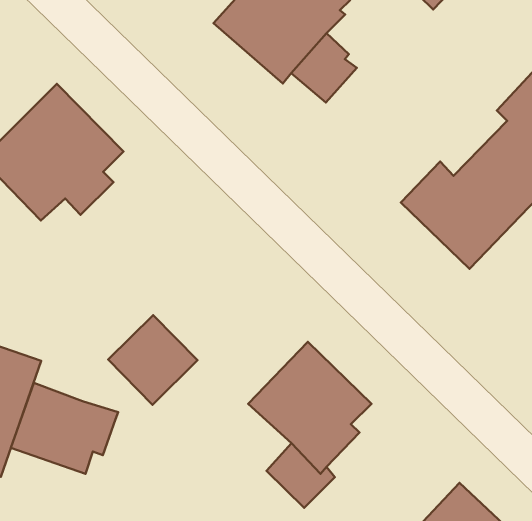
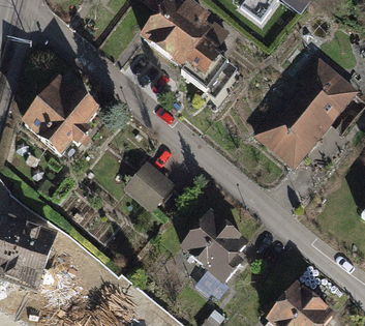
building: [108,315,198,405] -> [124,158,174,208]
building: [11,383,118,474] -> none

